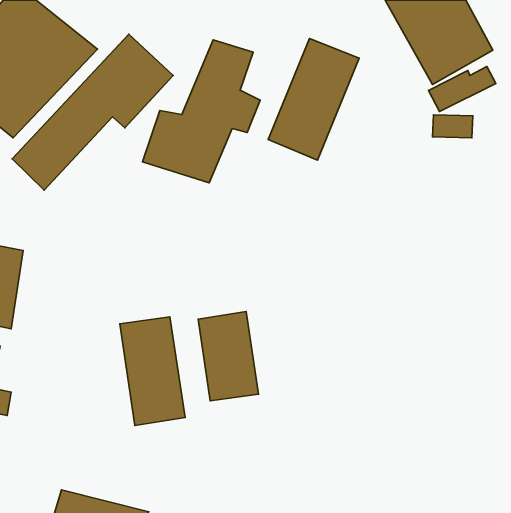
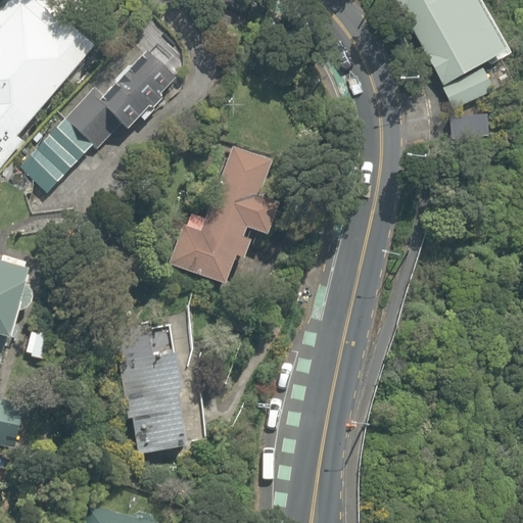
building: [268,38,359,160] -> none
building: [143,40,260,183] -> [177,142,296,287]
building: [198,312,259,401] -> none

